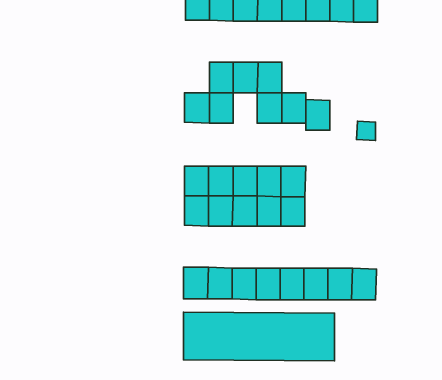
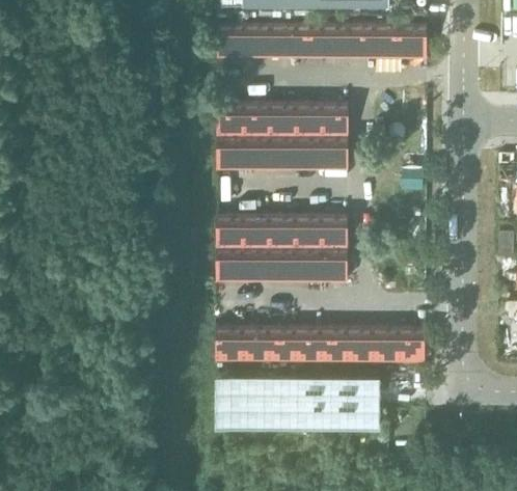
building: none -> [216,104,243,137]
building: none -> [269,137,295,170]
building: [306,100,330,130] -> [322,104,348,137]

